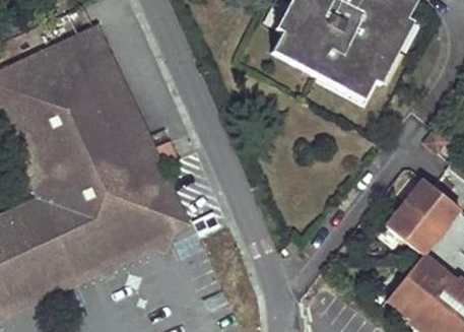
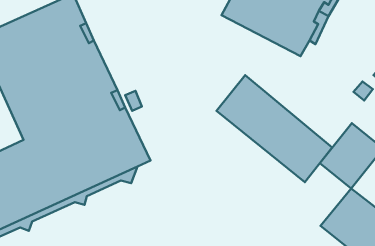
building: none -> [216,75,332,182]

